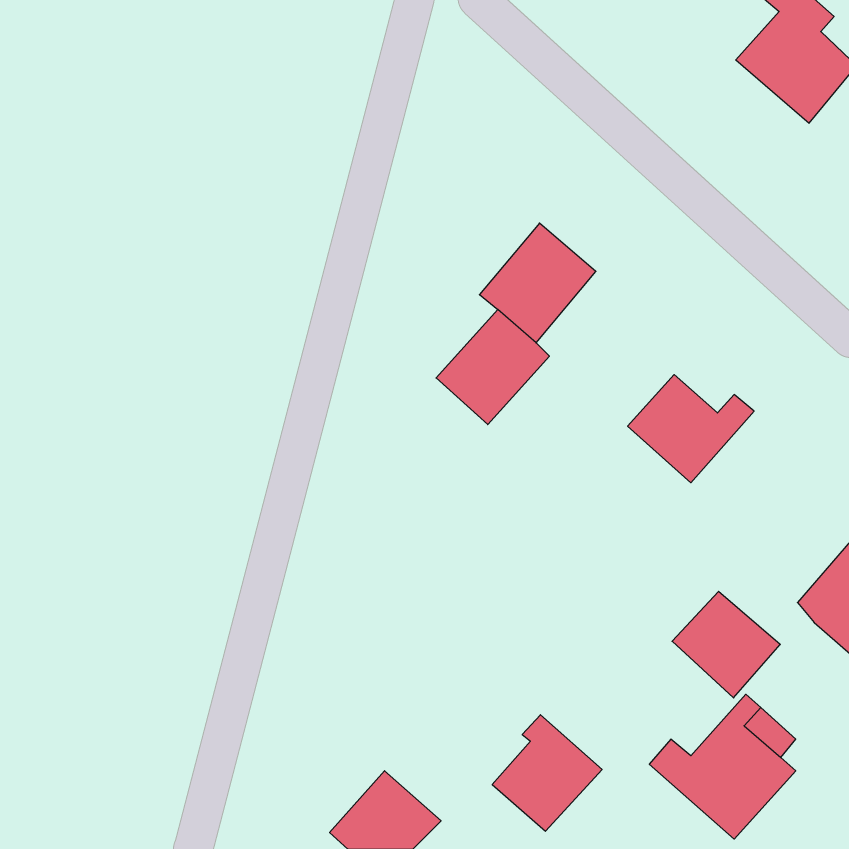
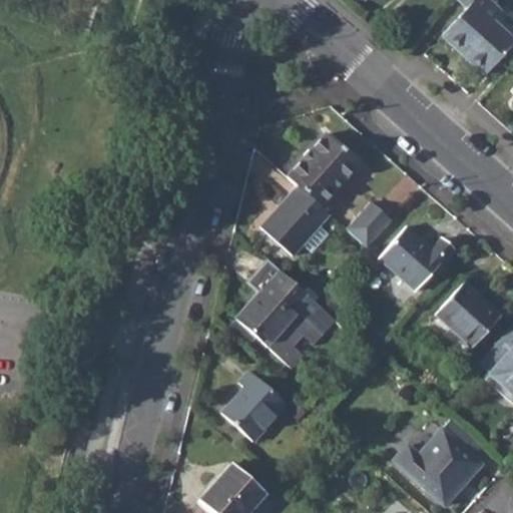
building: none -> [347,200,393,246]
building: none -> [237,261,336,367]
building: [672,591,780,698] -> [437,284,502,348]
building: [492,715,602,831] -> [221,372,288,442]

